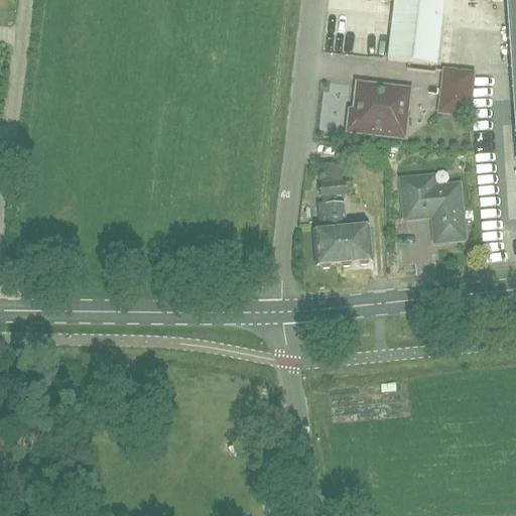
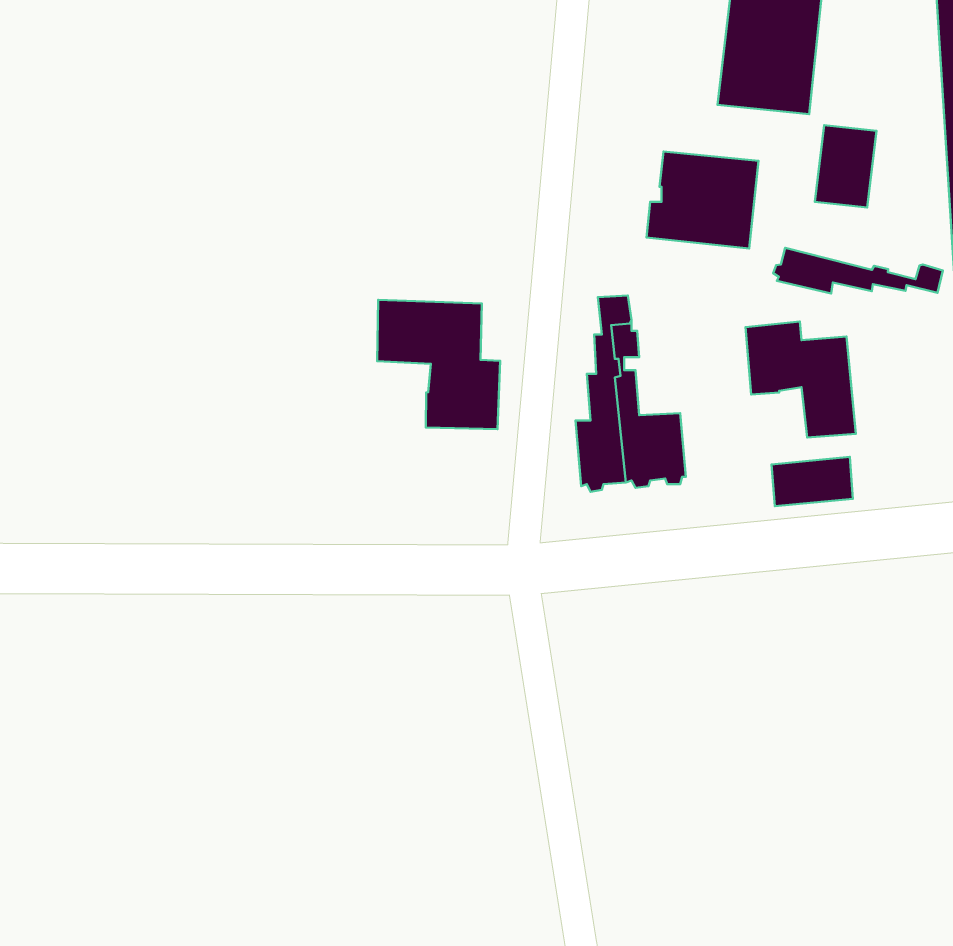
building: none -> [773,248,943,294]
building: none -> [377,300,500,429]
building: none -> [772,457,853,506]

